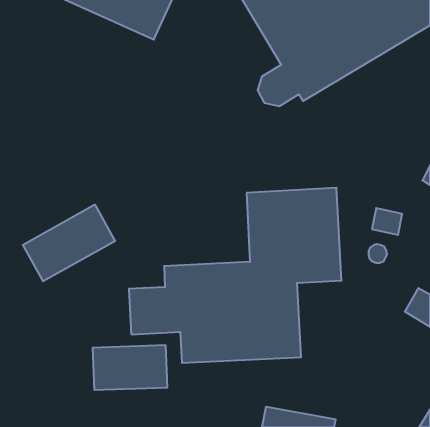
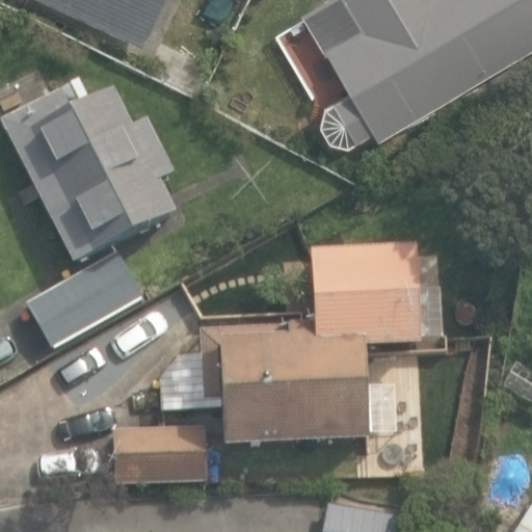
building: none -> [4,86,176,261]

